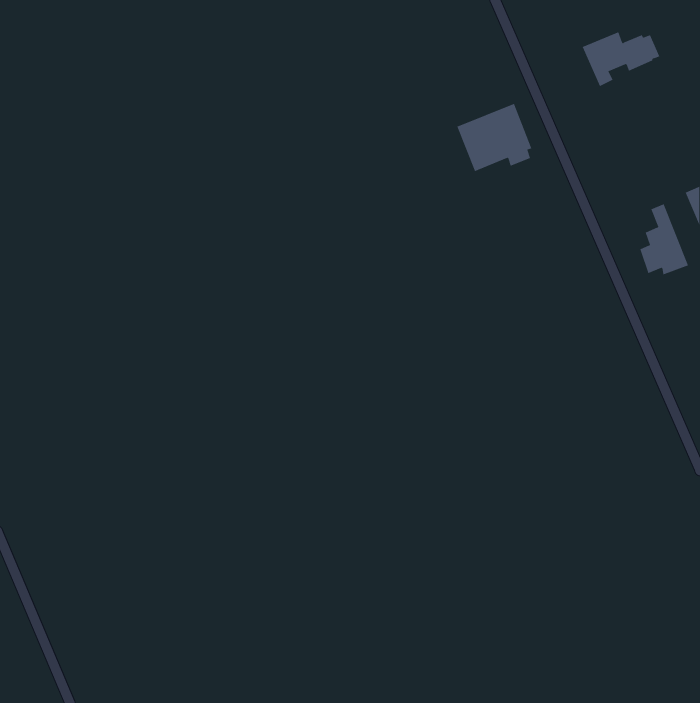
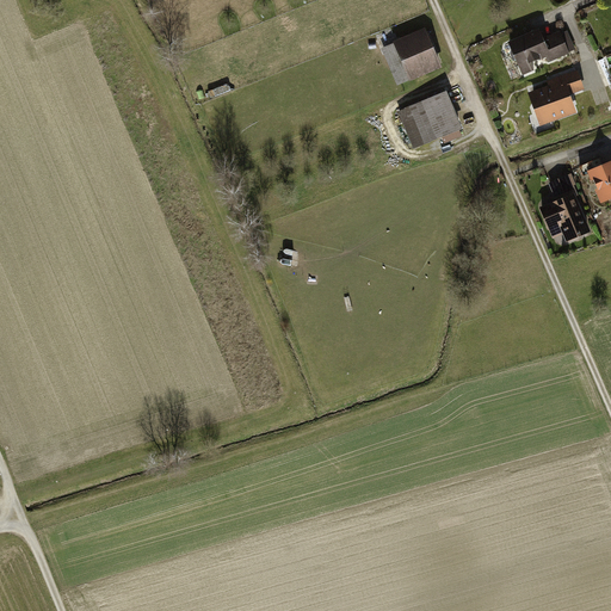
building: none -> [379,26,440,85]
building: none -> [525,69,582,124]

